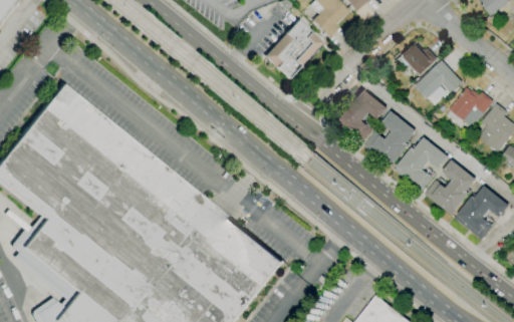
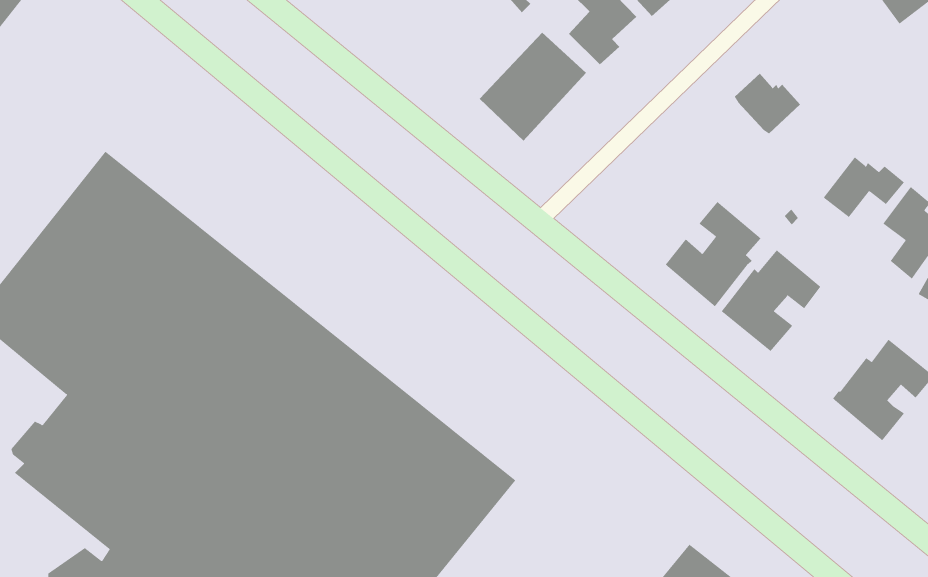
building: [415,60,464,99] -> none
building: [335,89,388,143] -> none
building: [425,159,477,217] -> none

